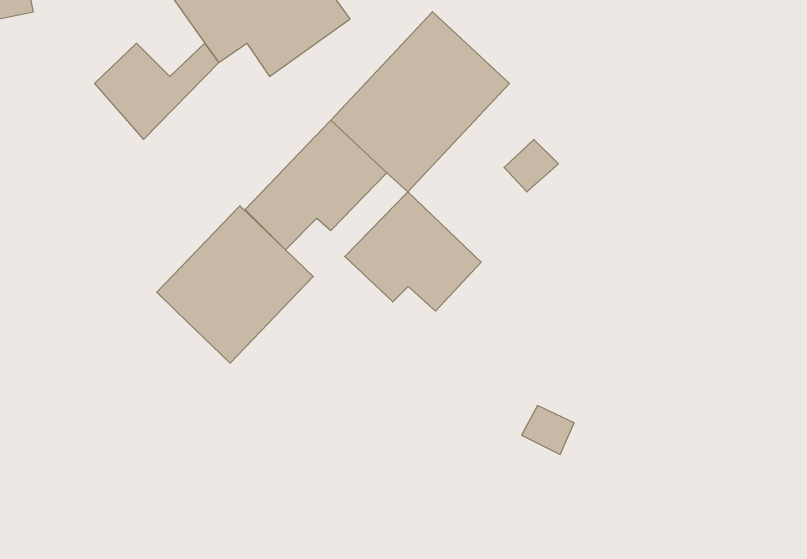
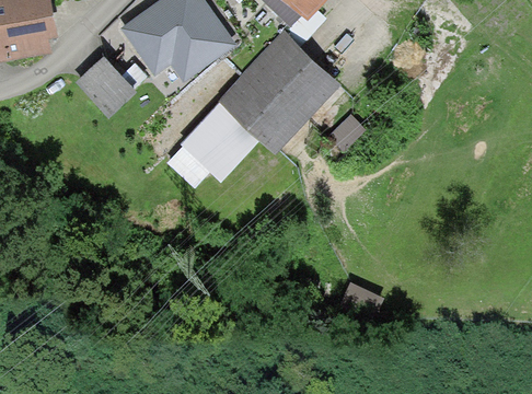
building: [345,192,481,311] -> none
building: [157,206,313,363] -> none

